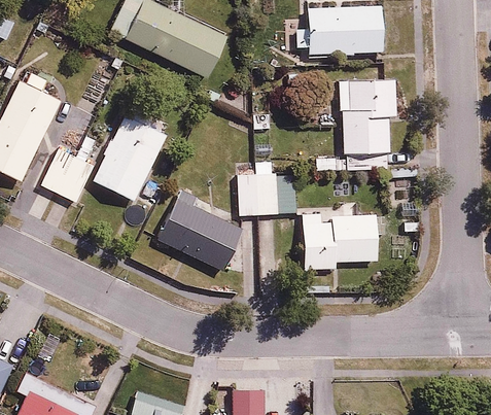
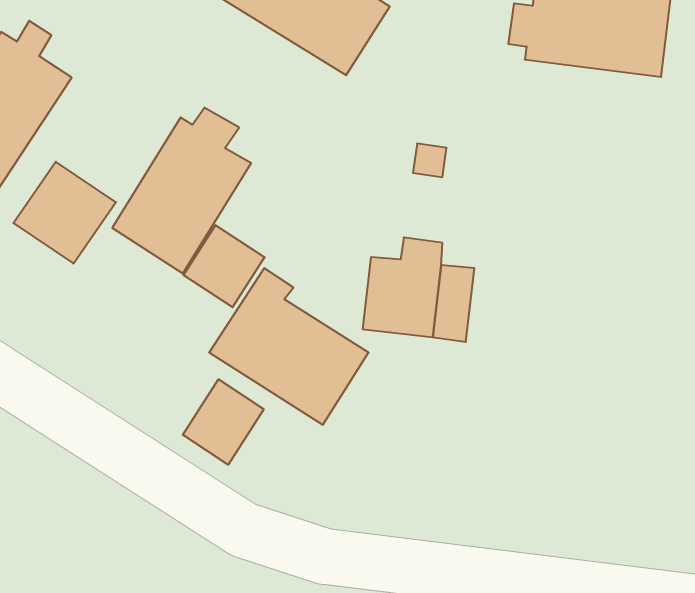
building: [315,79,395,170] -> none
building: none -> [184,225,265,307]
building: [302,212,377,270] -> none
building: none -> [183,379,264,465]

